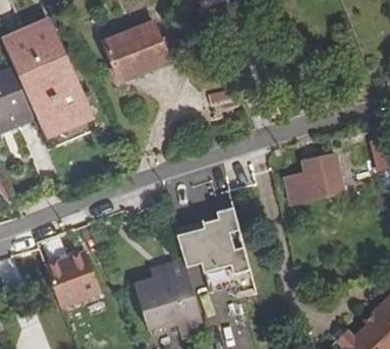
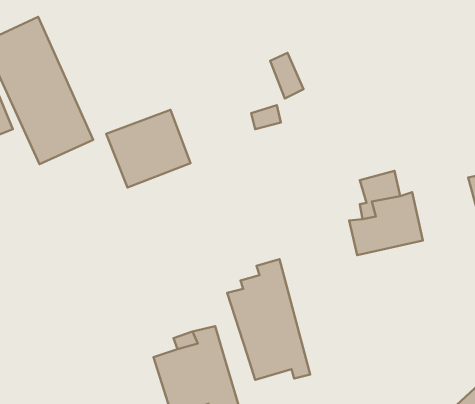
building: [105,22,169,81] -> [106,110,191,187]
building: [175,222,208,284] -> none
building: [47,251,102,307] -> none

